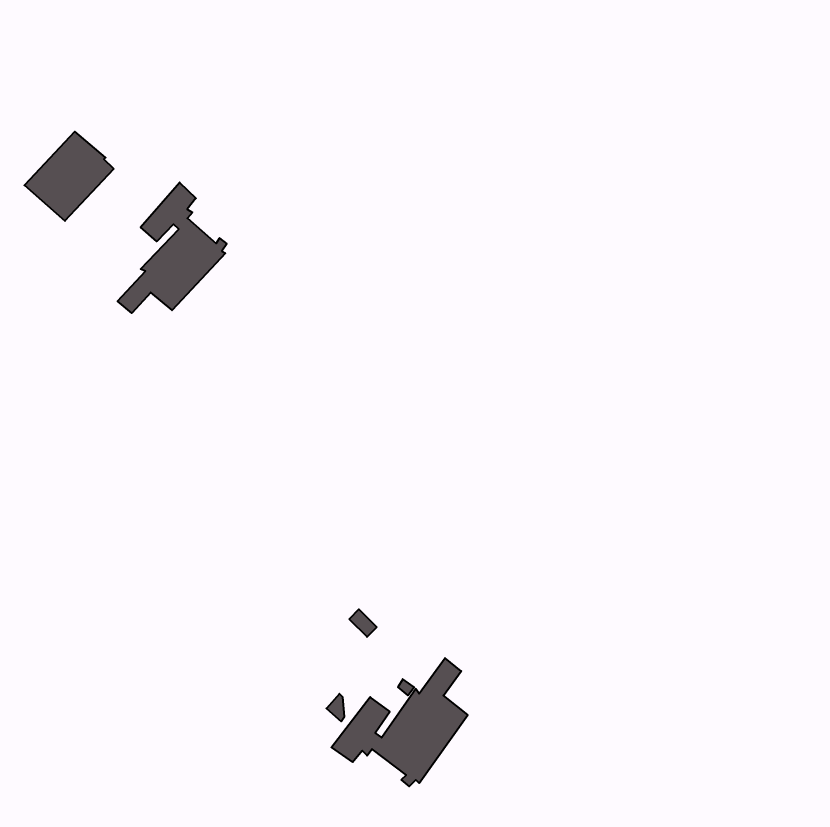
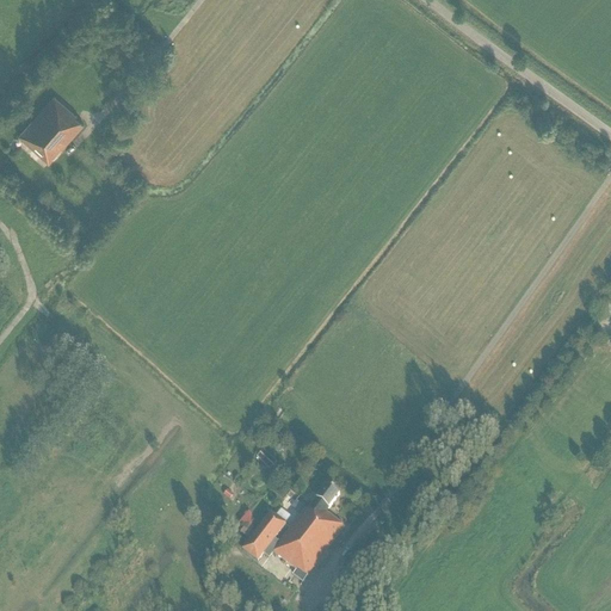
building: [118,182,227,313] -> none

